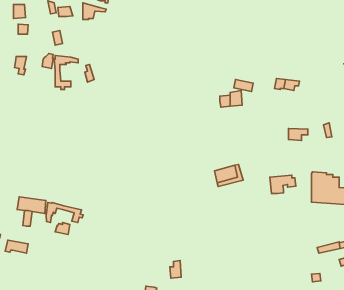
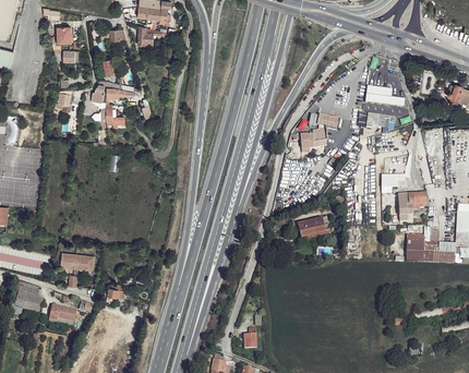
building: [270,175,296,194] -> [397,193,428,215]
building: [46,202,83,222] -> none

